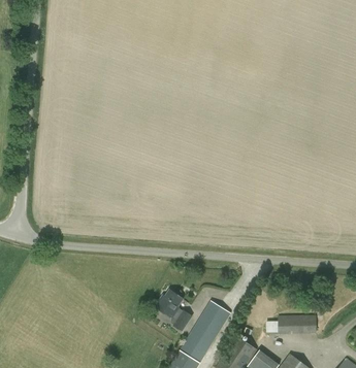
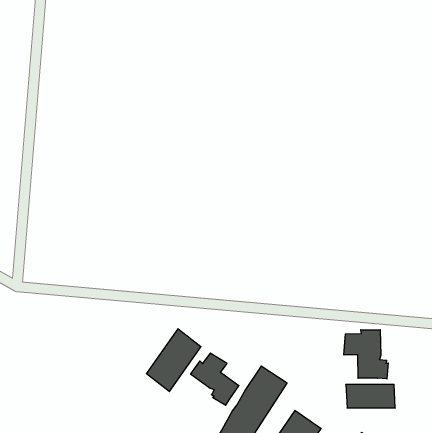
building: none -> [146,329,201,392]
building: none -> [344,330,388,379]

